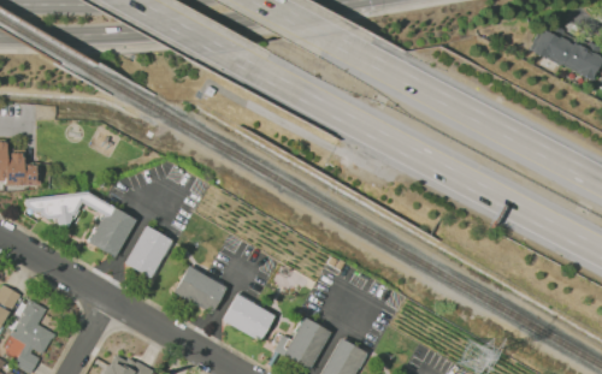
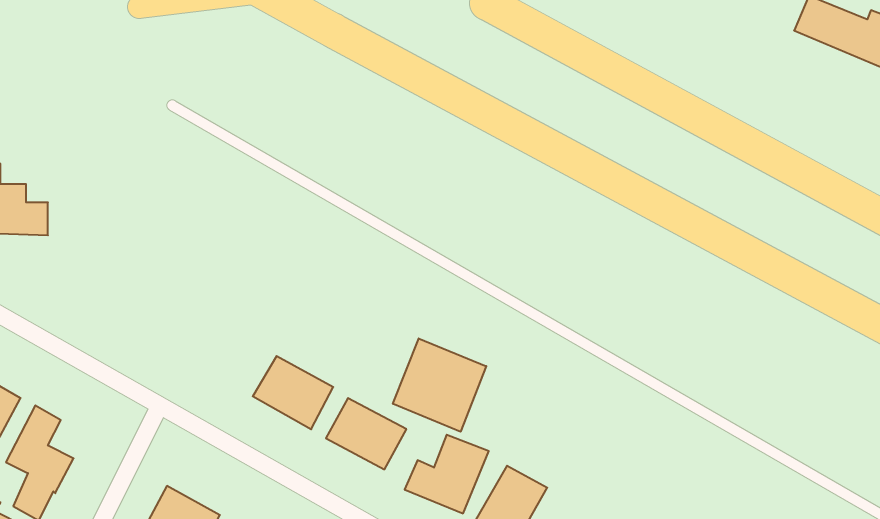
building: [25,191,136,257] -> none
building: [125,226,172,278] -> none
building: none -> [393,338,486,432]

